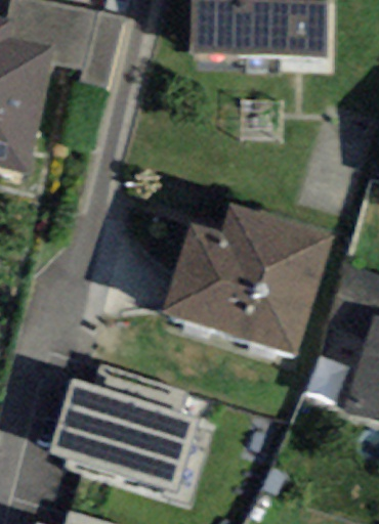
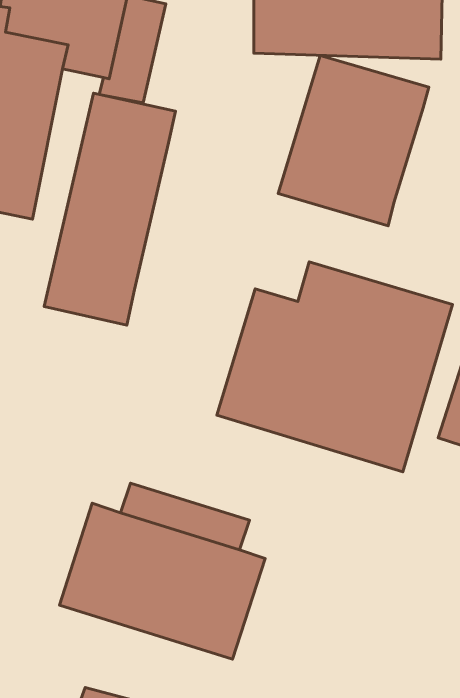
building: none -> [278,55,429,226]
building: none -> [44,93,176,325]

